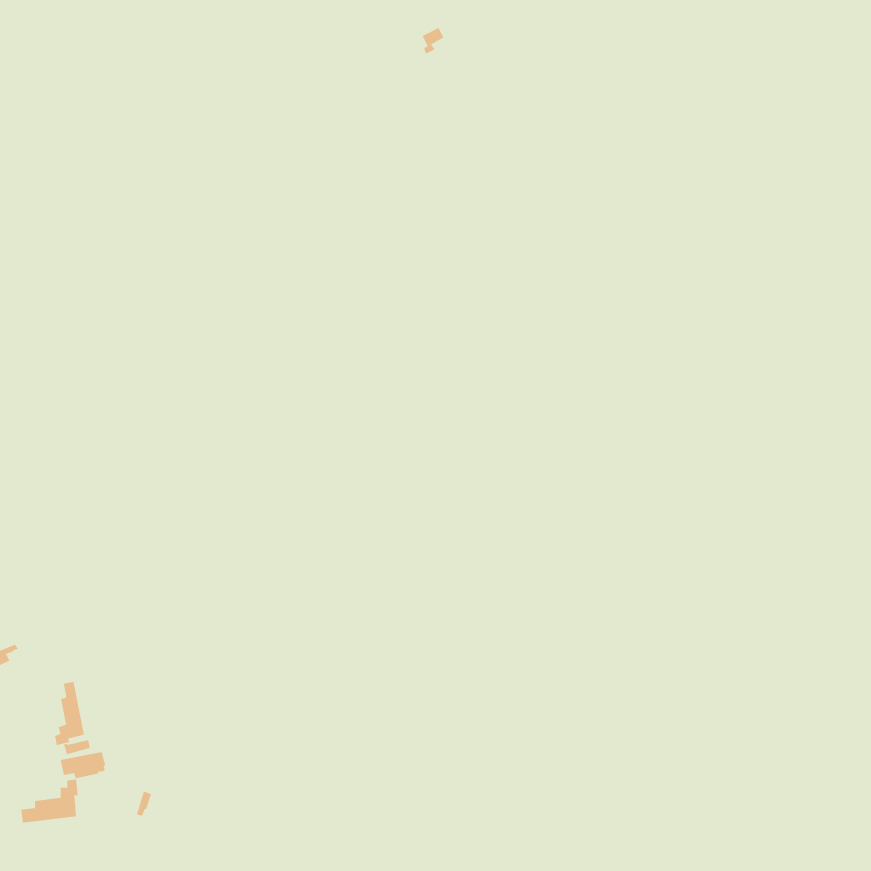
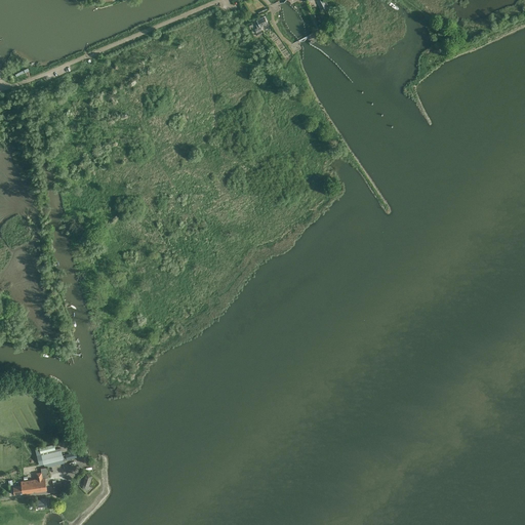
building: [55,681,85,746] -> none

